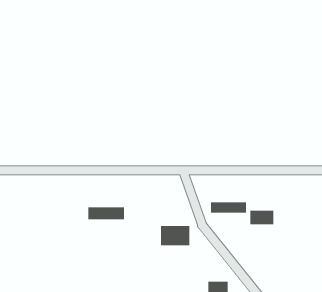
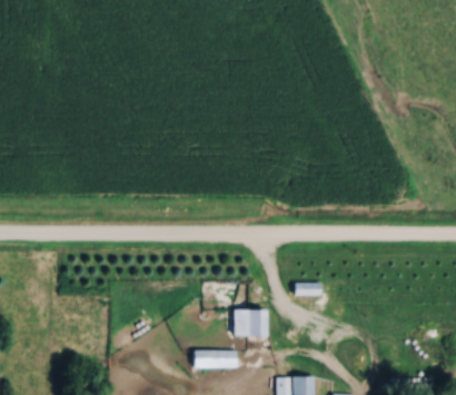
building: [87,206,125,220] -> [192,352,238,368]
building: [250,210,274,225] -> none

